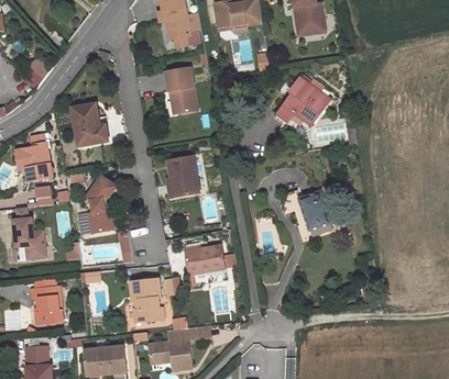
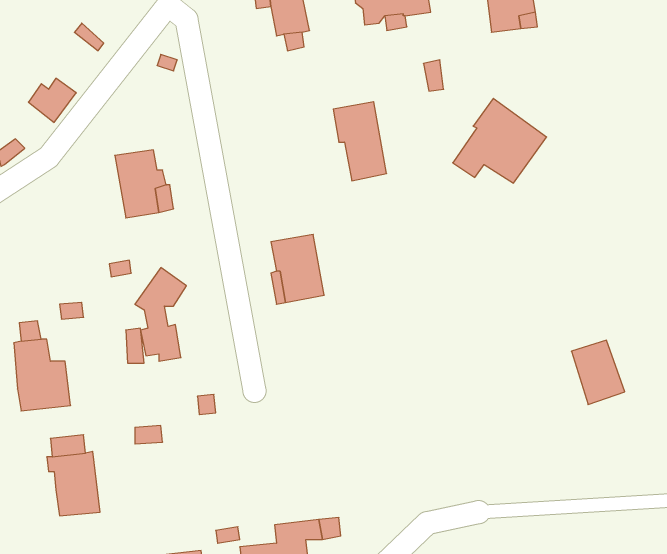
building: [164,67,196,114] -> [333,102,387,181]
building: [18,143,52,181] -> none
building: [298,191,330,230] -> [571,340,625,405]
building: [184,244,234,274] -> none
building: [131,278,163,321] -> none

